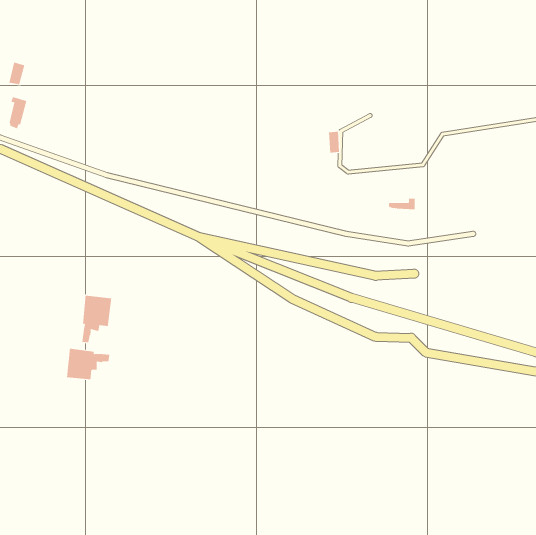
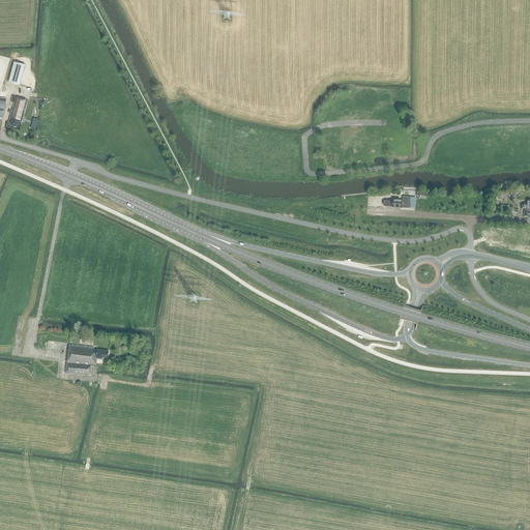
building: [82,295,112,343] -> none

